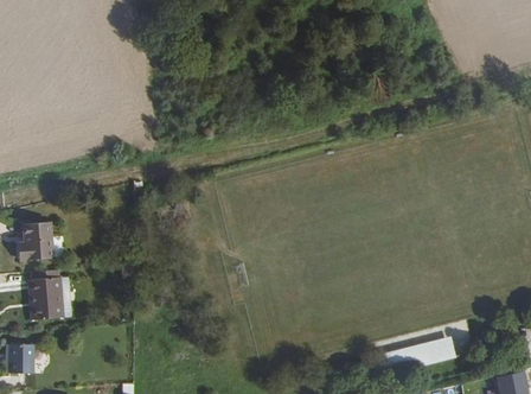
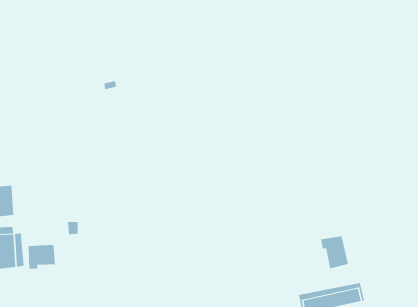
building: none -> [320,235,348,269]
building: none -> [28,244,55,269]

